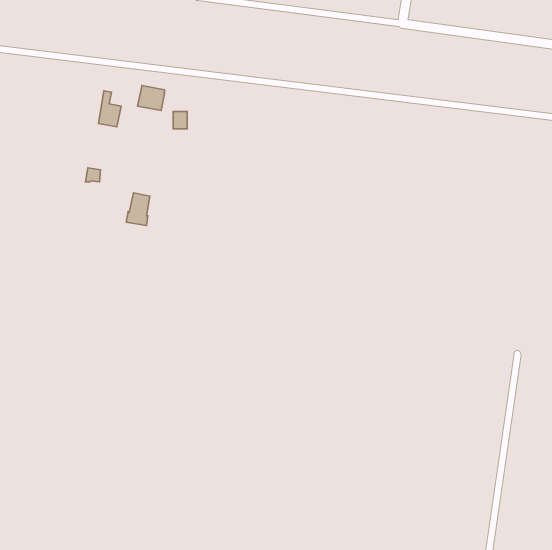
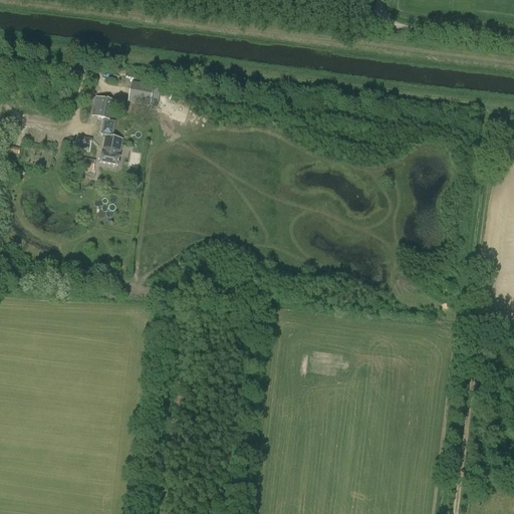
building: [126,193,150,225] -> [98,134,120,164]

